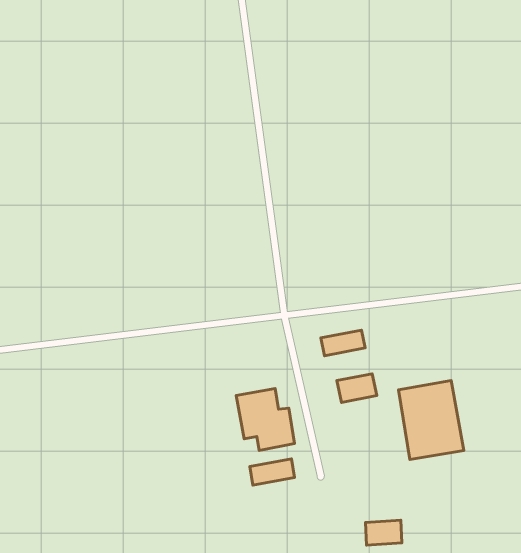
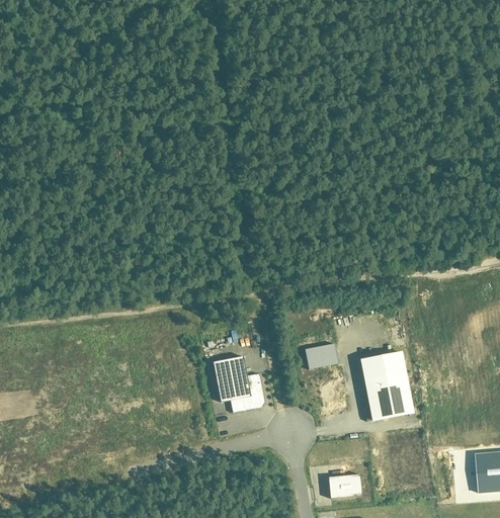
building: [321,330,365,356] -> none
building: [250,459,295,485] -> none

